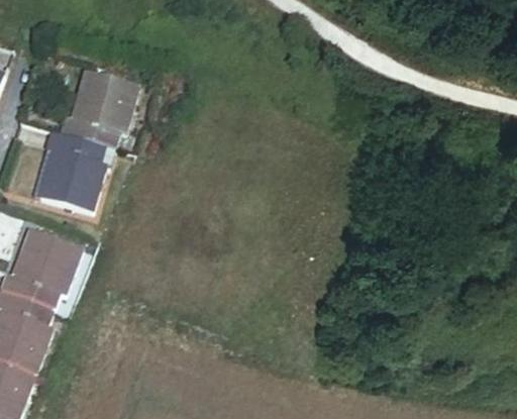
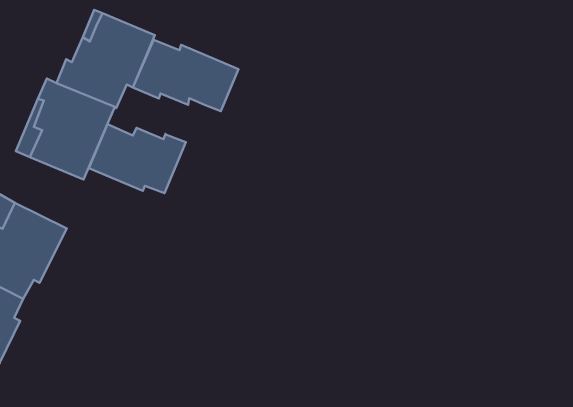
building: none -> [133,39,239,111]
building: none -> [89,124,186,193]

